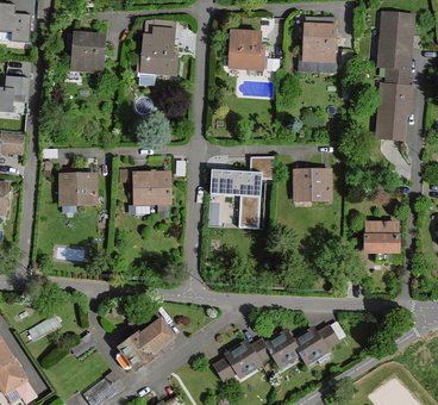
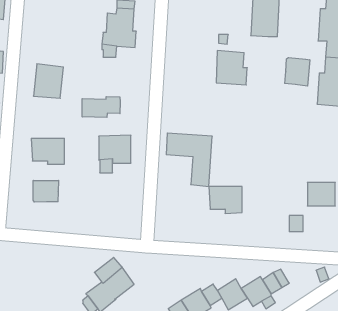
building: [229,31,263,69] -> [216,51,247,85]
building: [70,33,104,71] -> [33,64,63,98]
building: none -> [285,58,310,86]
building: none -> [82,97,120,117]
building: [293,170,330,200] -> [209,187,242,213]
building: none -> [33,180,59,202]

